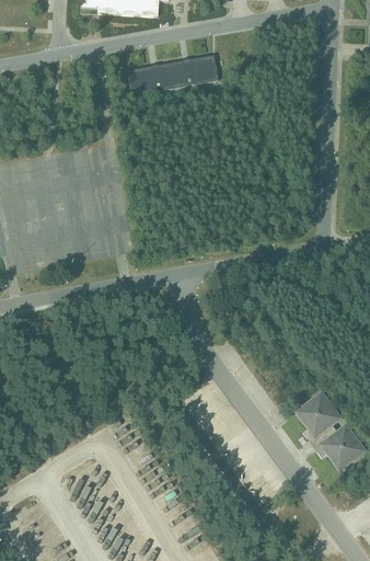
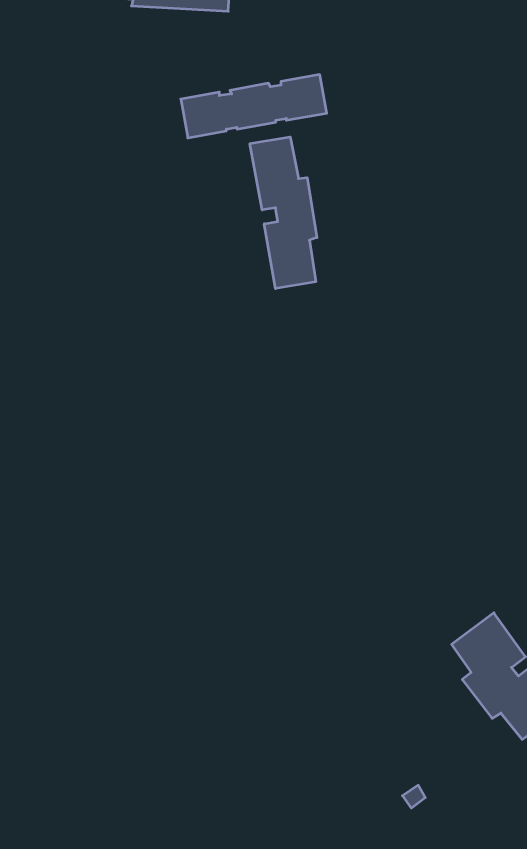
building: none -> [250,137,317,289]

